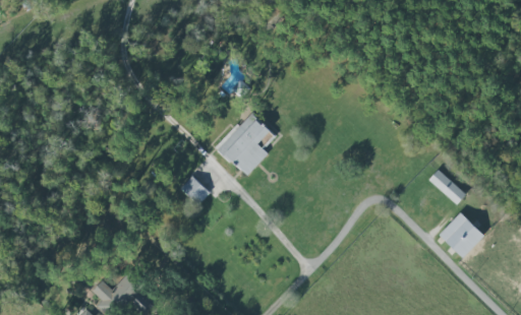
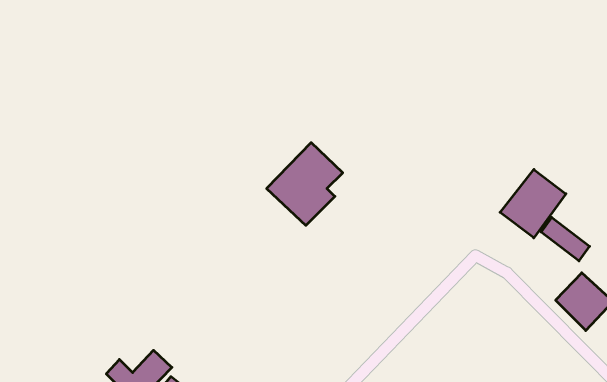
building: none -> [500,169,566,238]
building: [180,176,210,204] -> none

